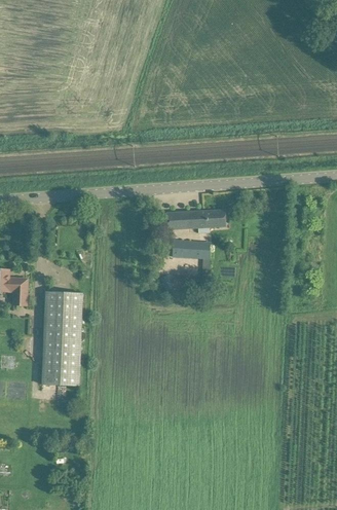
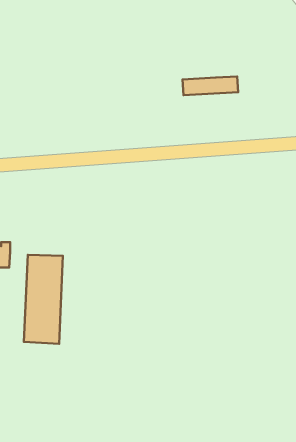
building: [166,209,225,228] -> [182,76,238,95]
building: [172,240,210,269] -> none

